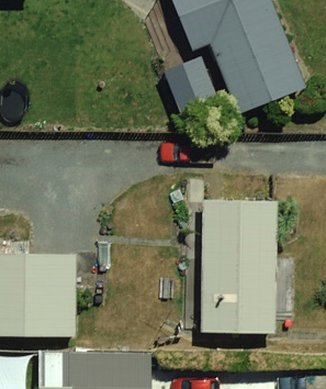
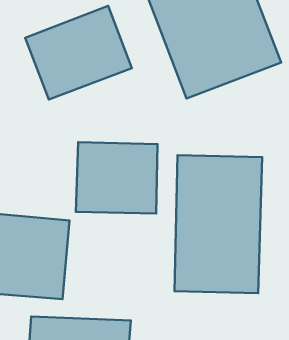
building: none -> [25,6,132,99]
building: none -> [76,142,158,214]

